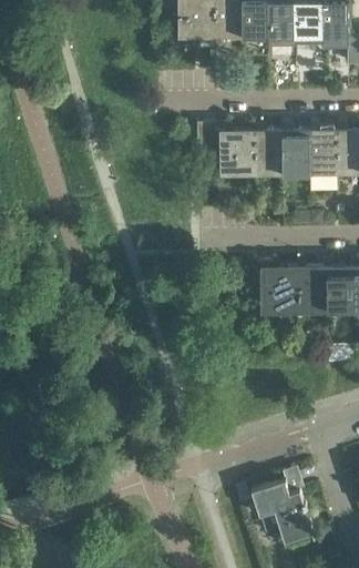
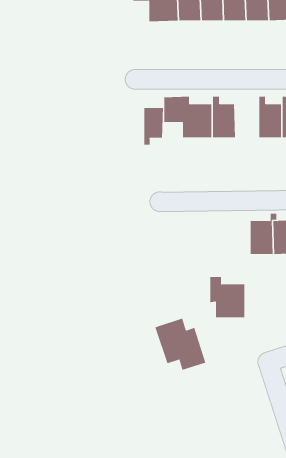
building: [283,124,310,173] -> none
building: none -> [144,107,163,145]
building: [258,262,300,311] -> [209,276,245,318]
building: [253,481,314,544] -> [155,318,206,371]

